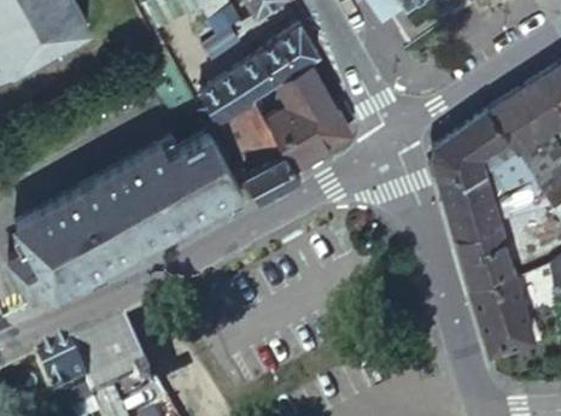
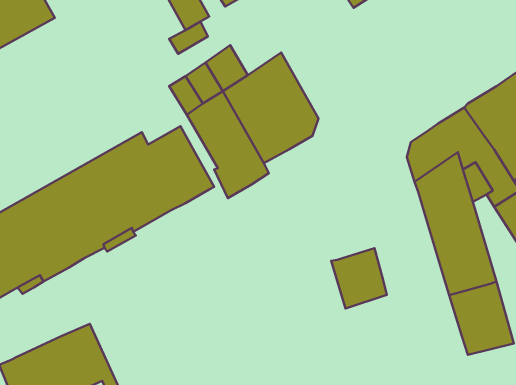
building: [261,27,319,82] -> none
building: none -> [331,248,387,308]

